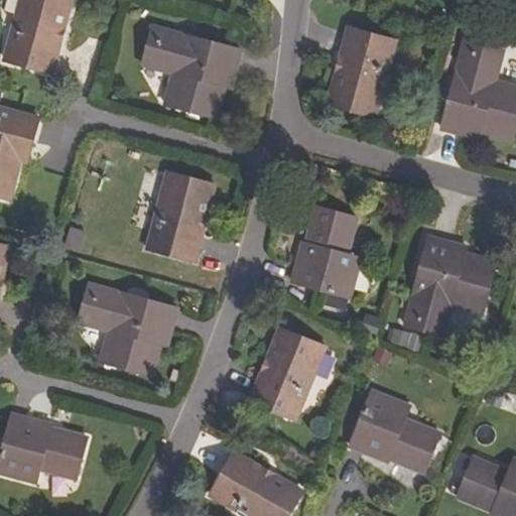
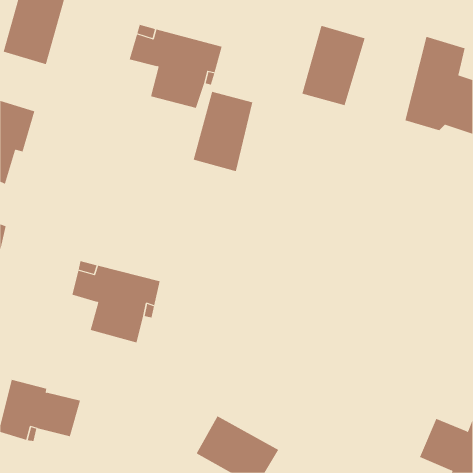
building: [145,174,211,262] -> [193,91,253,172]
building: [291,203,363,296] -> none
building: [401,233,494,335] -> none
building: [251,329,327,420] -> none
building: [347,389,442,474] -> none

